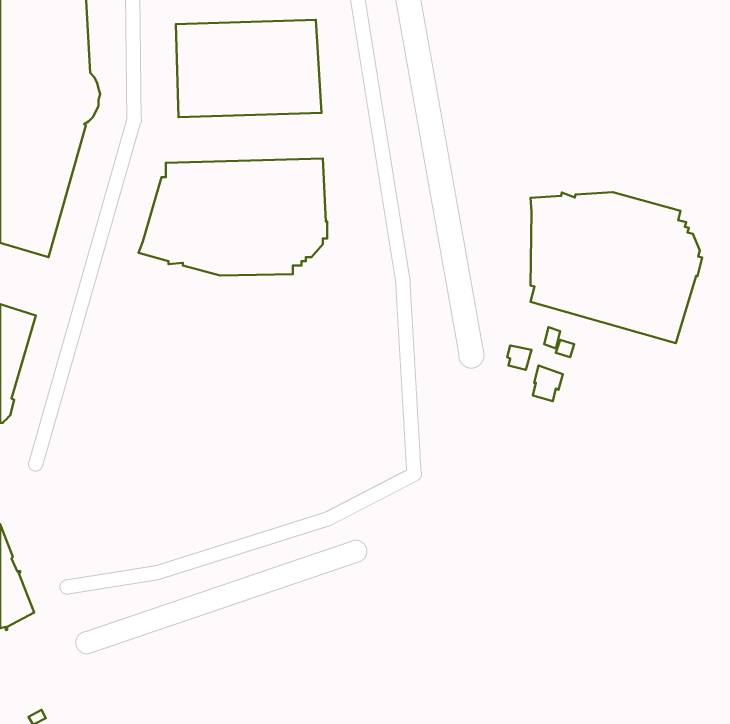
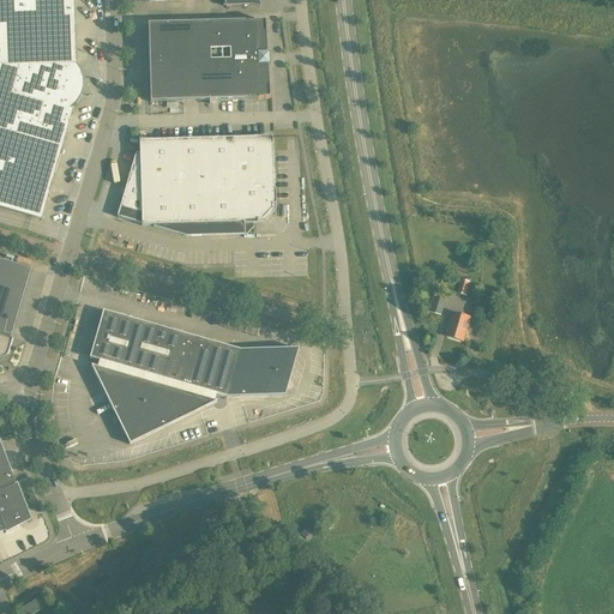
building: [531,192,702,343] -> none
building: none -> [89,307,297,440]

